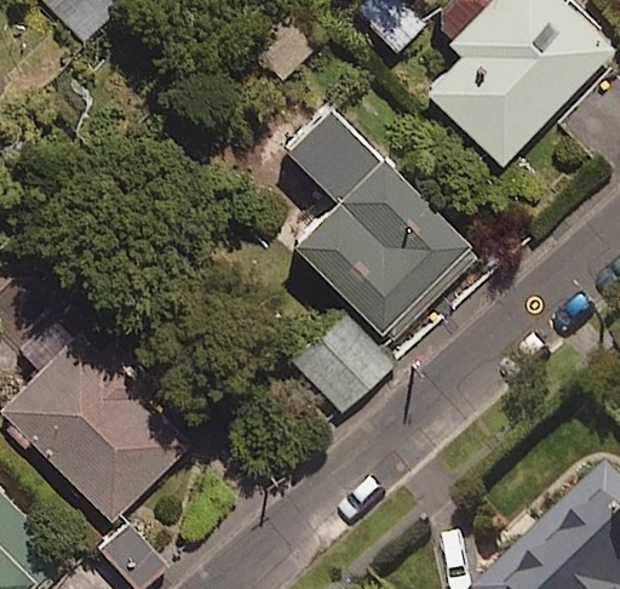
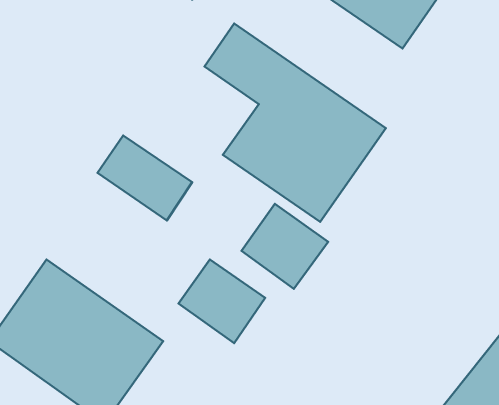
building: none -> [98,136,192,221]
building: none -> [178,259,265,343]

